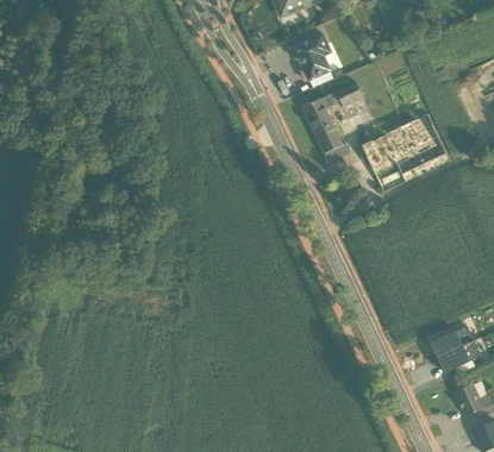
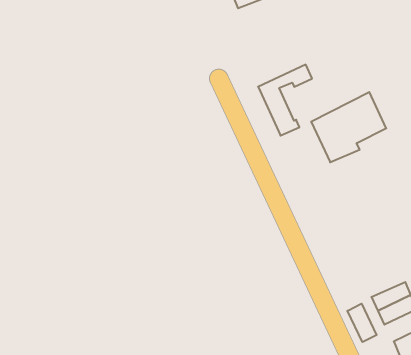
building: [289,31,332,81] -> none
building: none -> [347,304,377,342]

